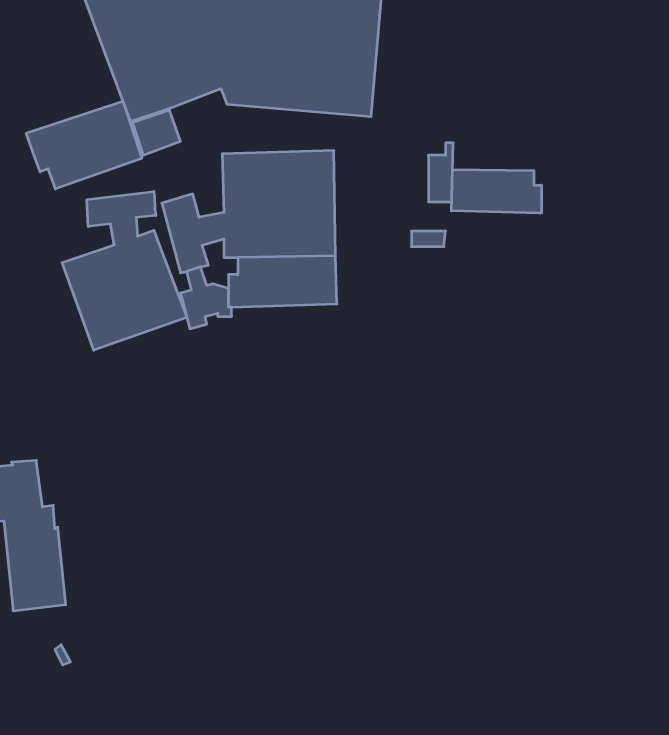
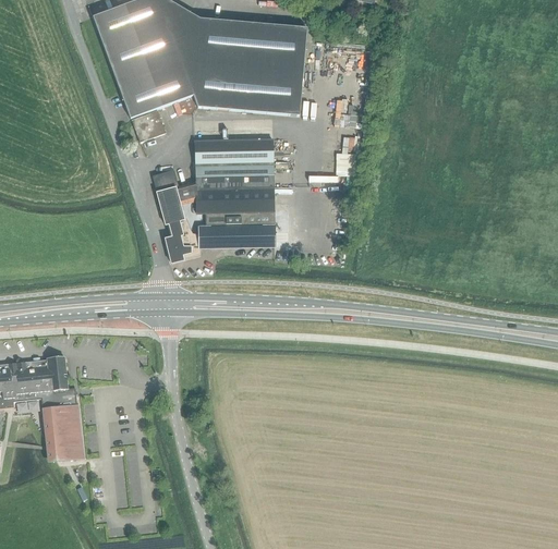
building: [26,101,142,189] -> none
building: [451,170,542,213] -> none
building: [62,191,187,350] -> none

